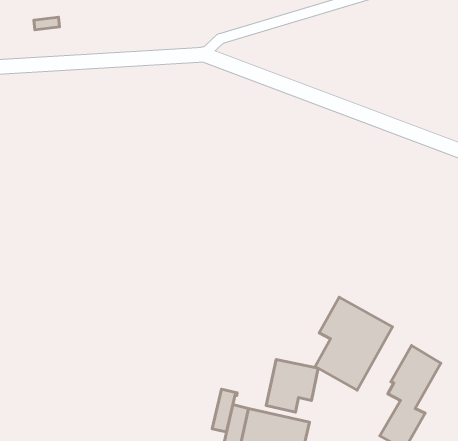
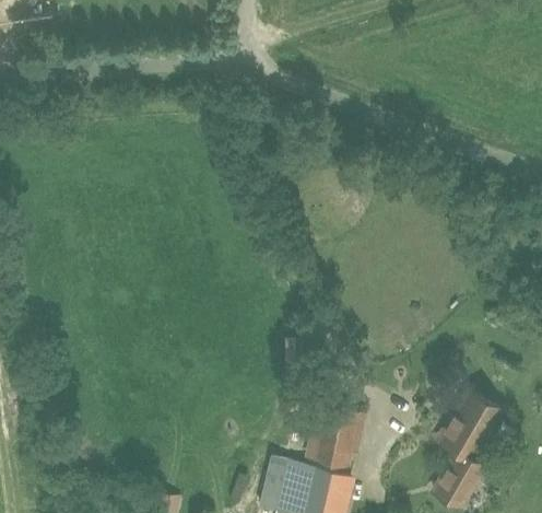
building: [315,297,393,390] -> none
building: [212,389,237,432] -> none

